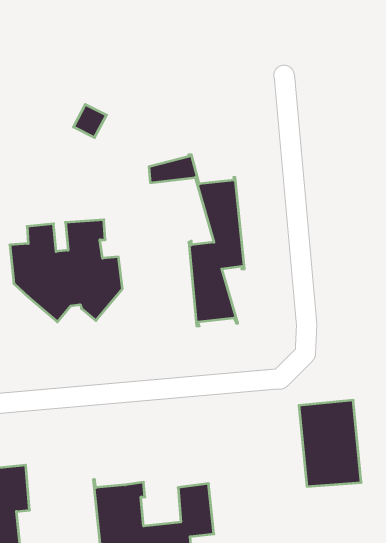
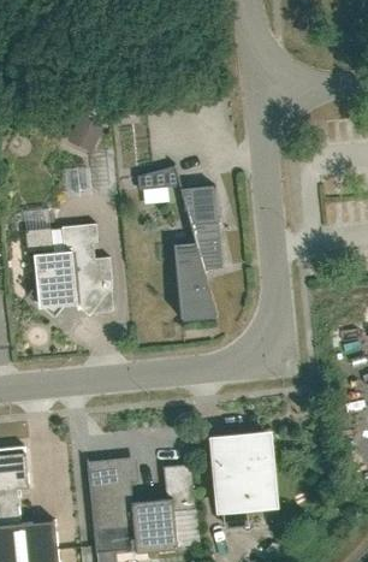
building: [299,400,361,486] -> [215,433,272,511]

